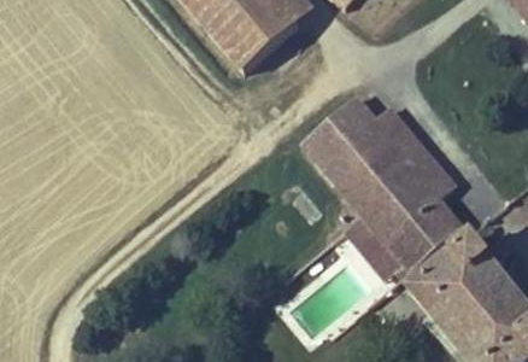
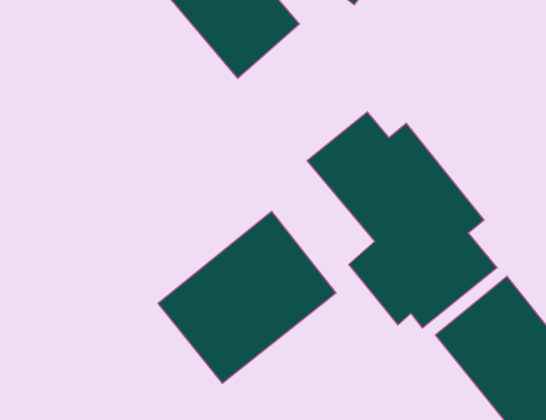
building: none -> [158,211,336,383]

